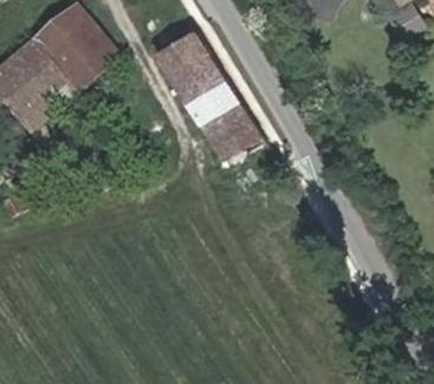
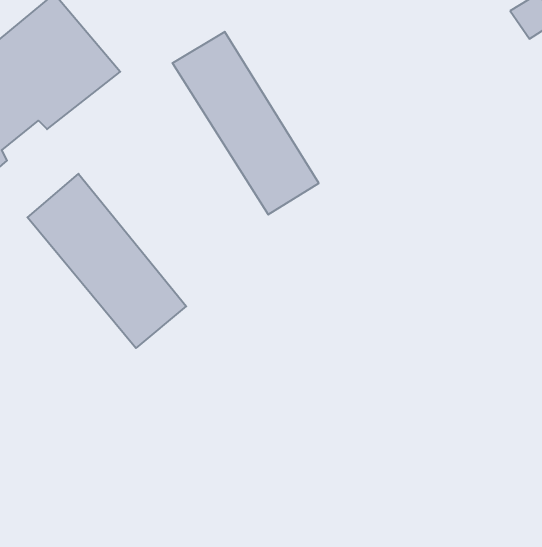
building: none -> [27,174,186,348]

